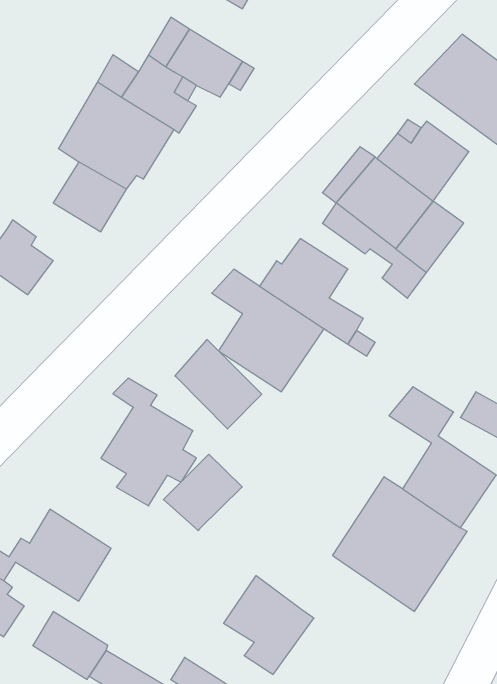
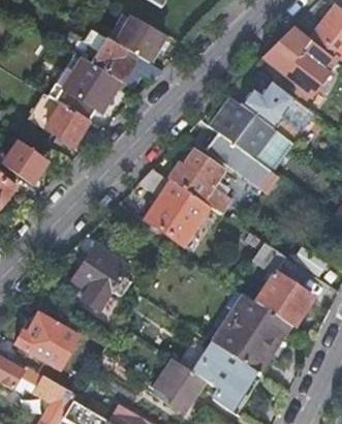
building: [175,340,262,429] -> none
building: [163,454,242,531] -> none
building: none -> [195,343,263,416]

